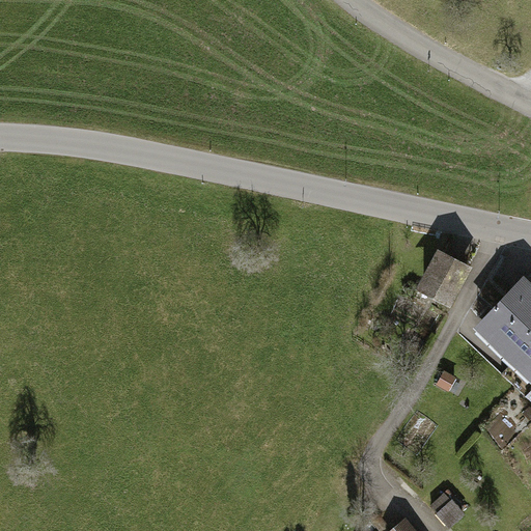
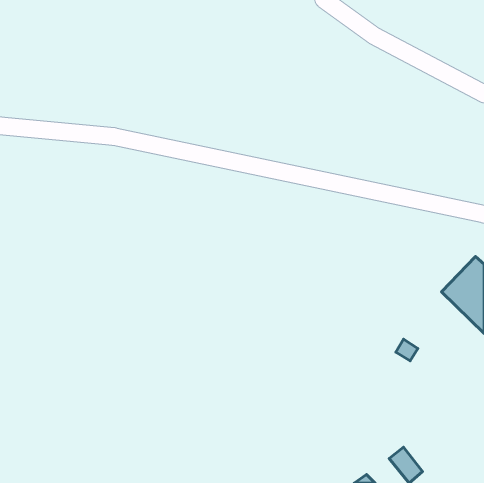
building: [424,254,466,300] -> none

